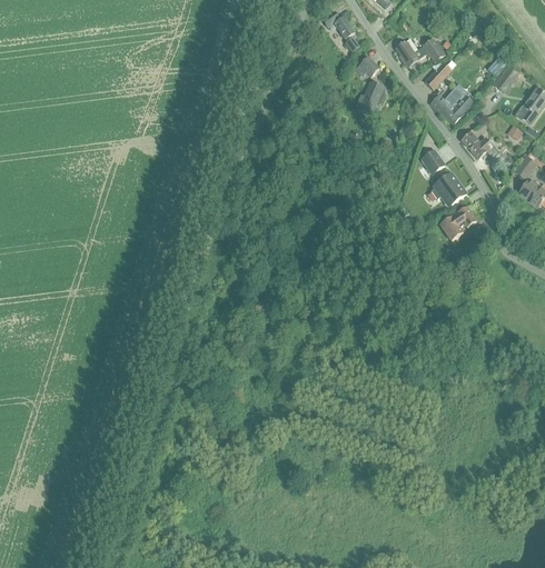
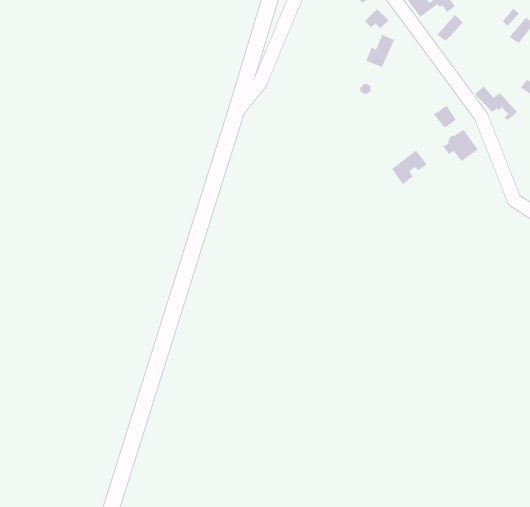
building: [429,86,472,122] -> none
building: [442,205,477,239] -> [391,149,428,185]

